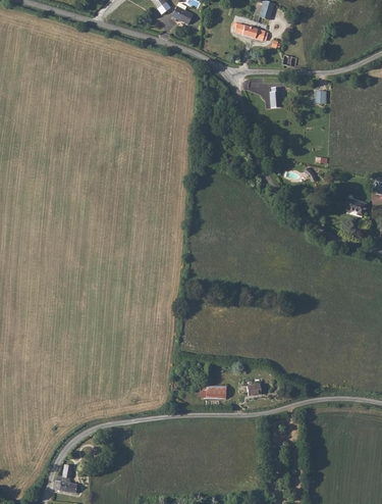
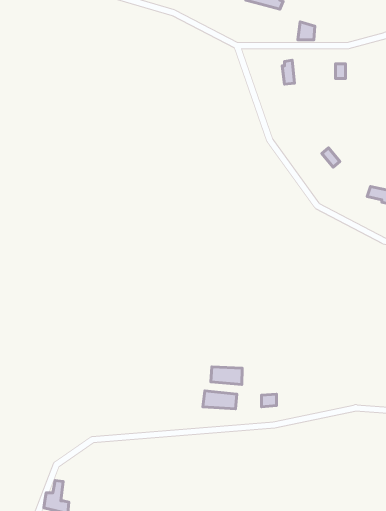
building: none -> [211,367,242,385]

